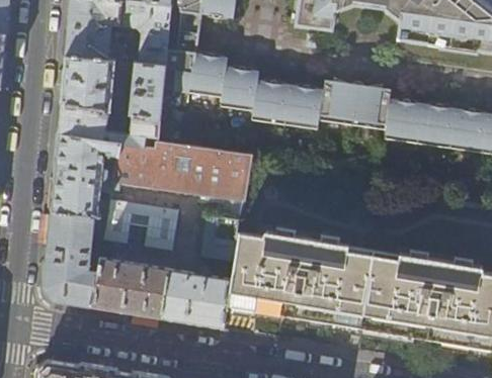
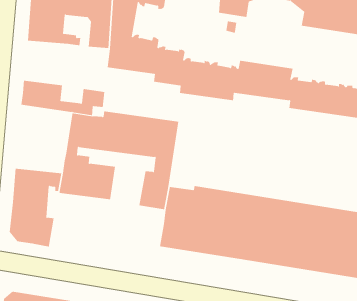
building: [61,57,166,118] -> none
building: [51,134,120,217] -> none
building: [93,258,232,328] -> none

